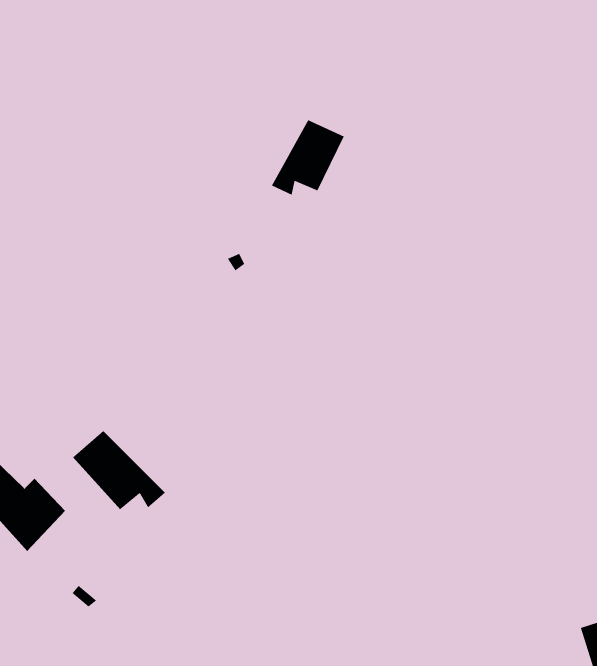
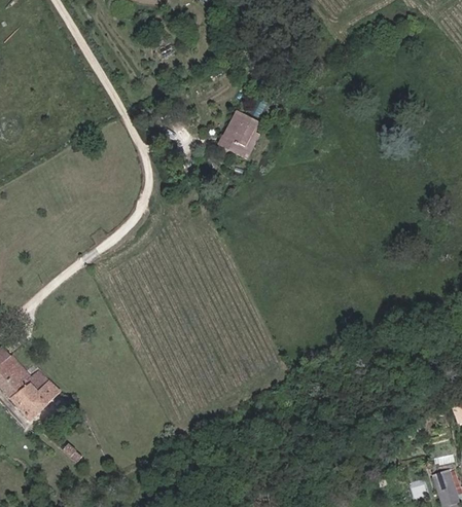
building: [72,430,166,510] -> none

